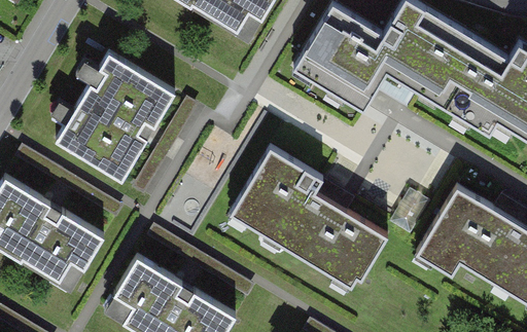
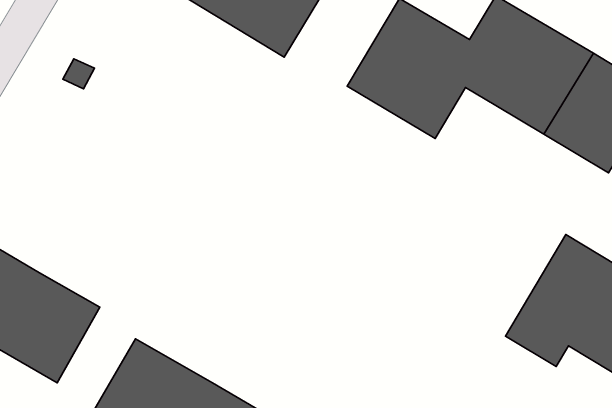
building: [57,52,171,179] -> none
building: [230,147,387,289] -> none

